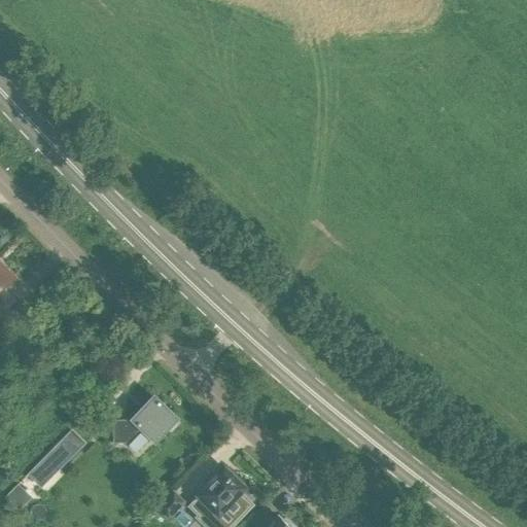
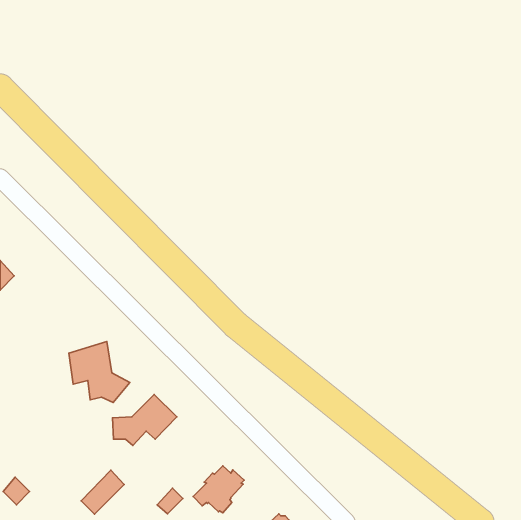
building: none -> [69,341,130,403]
building: [33,435,76,480] -> [81,470,124,514]

